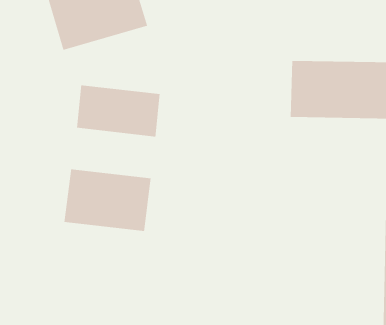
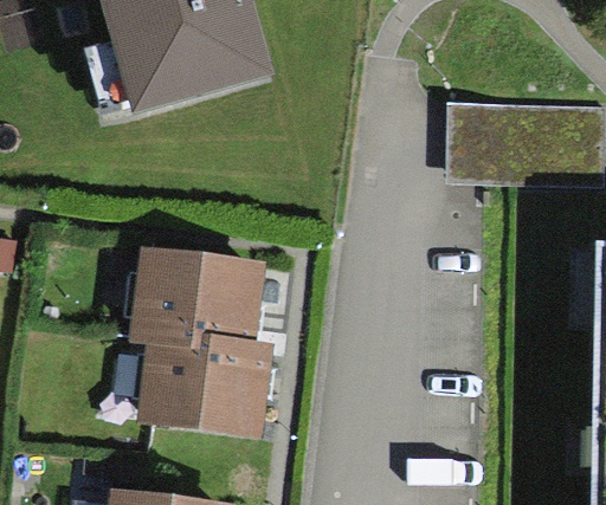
building: [76,84,161,137] -> none
building: none -> [146,334,269,422]

